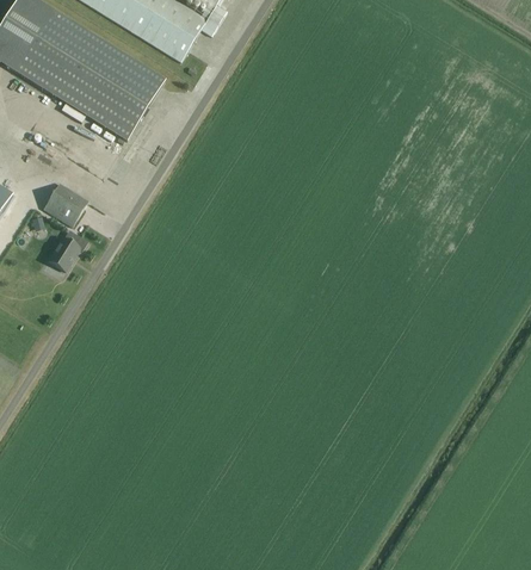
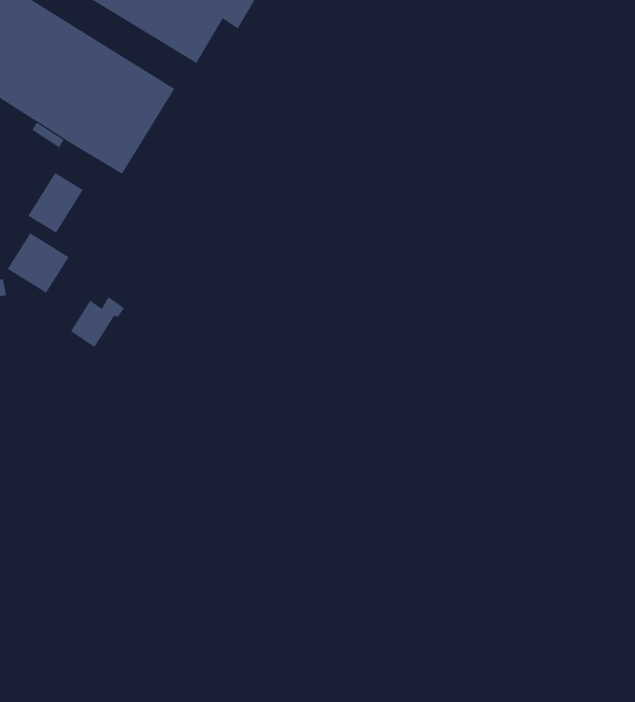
building: none -> [28,172,84,234]
building: [45,233,85,269] -> [70,297,125,348]

